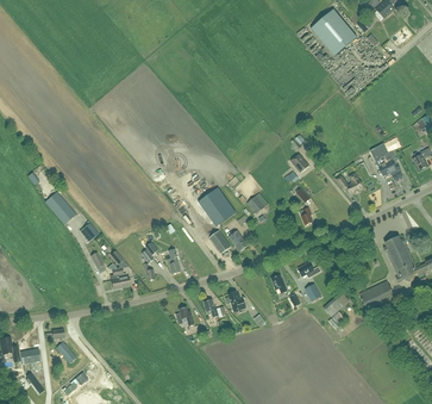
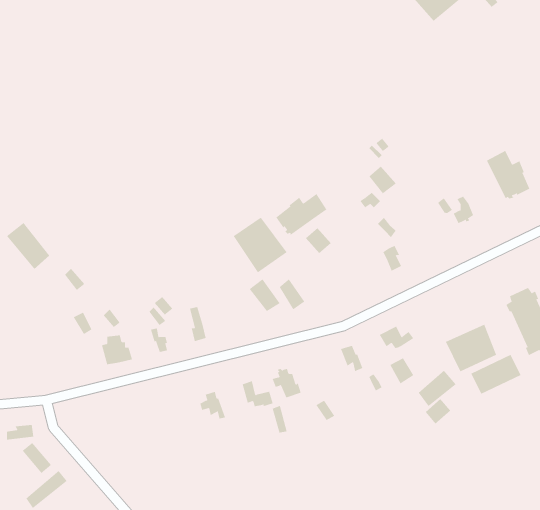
building: none -> [275,193,327,236]
building: none -> [445,324,497,372]

